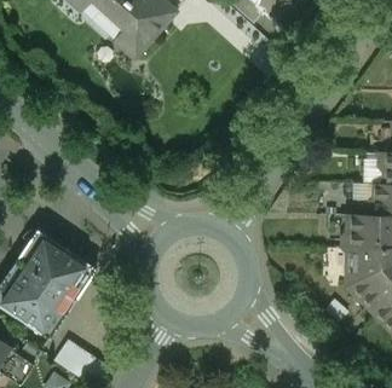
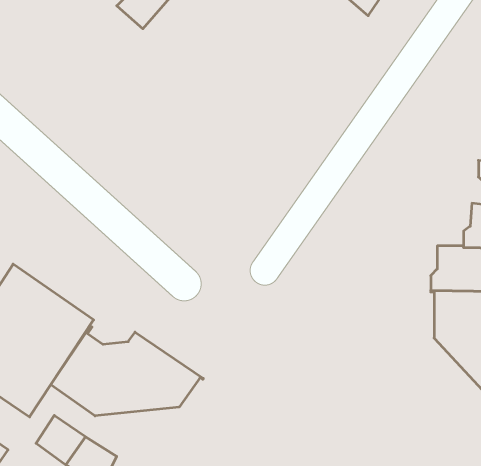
building: none -> [51,326,203,416]

